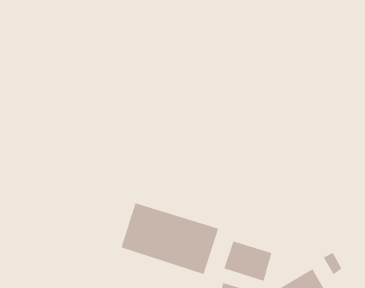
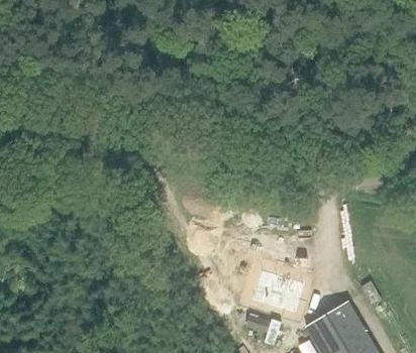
building: [121,202,219,275] -> none

